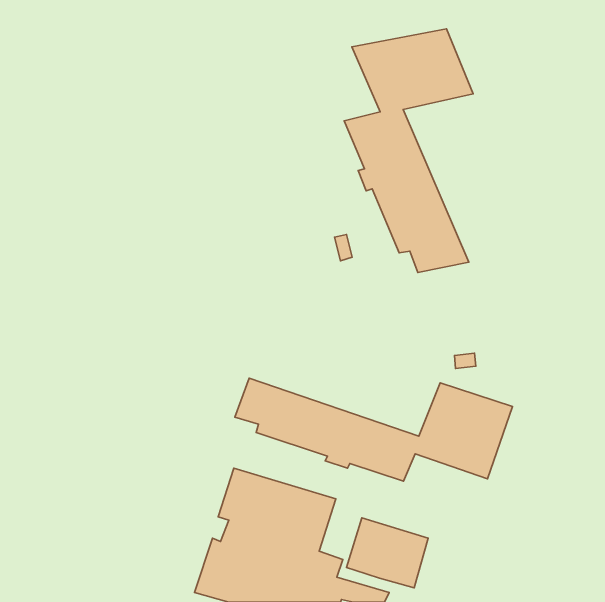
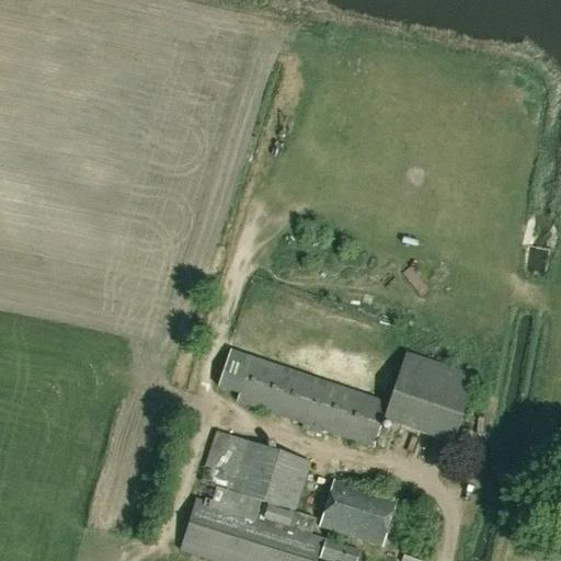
building: [344,29,473,272] -> none

